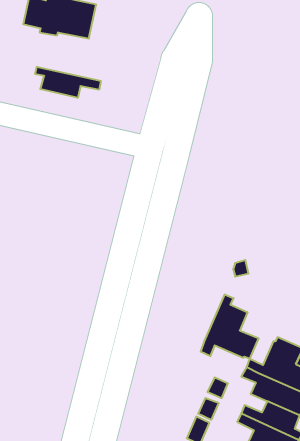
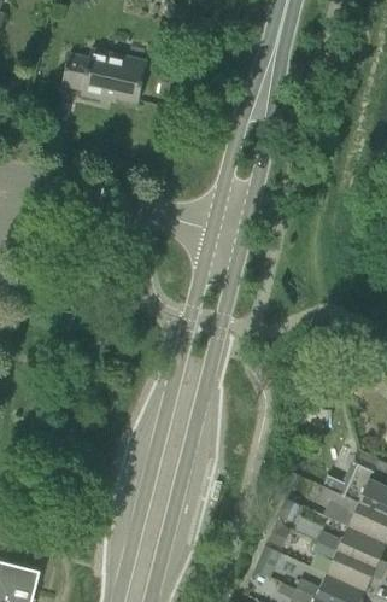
building: [35,67,101,98] -> none
building: [201,294,259,359] -> none

